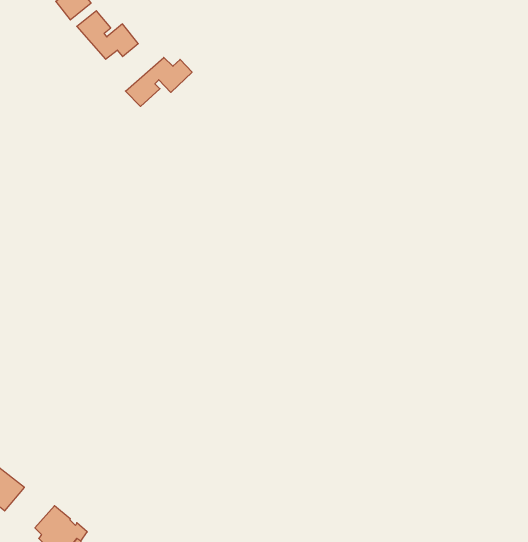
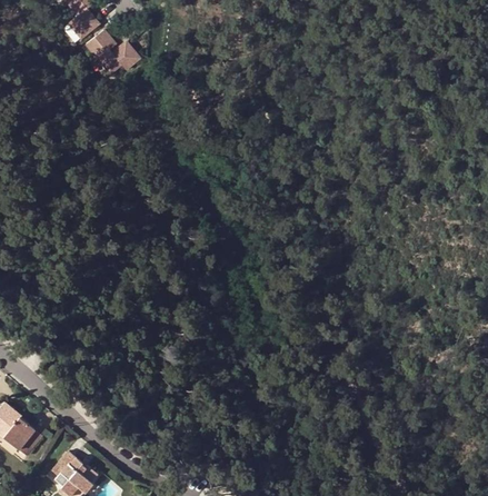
building: [125,57,192,106] -> none

